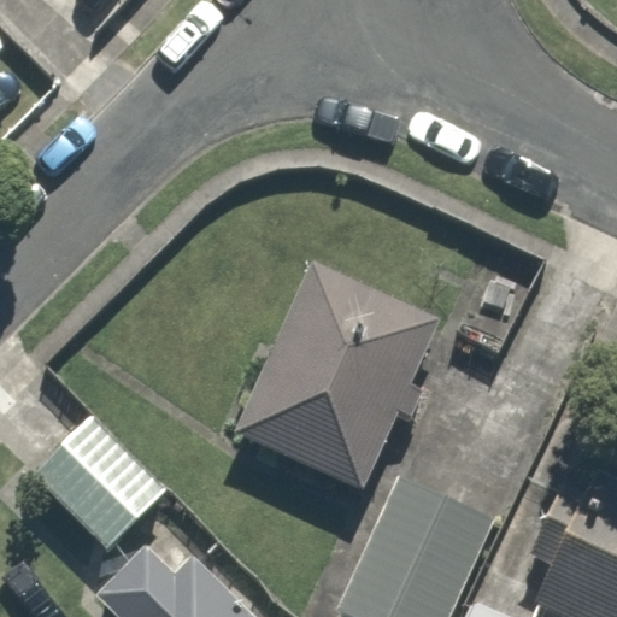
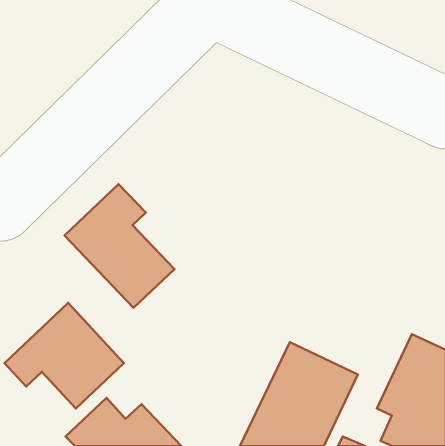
building: none -> [64,184,175,308]
building: [235,265,441,496] -> none

